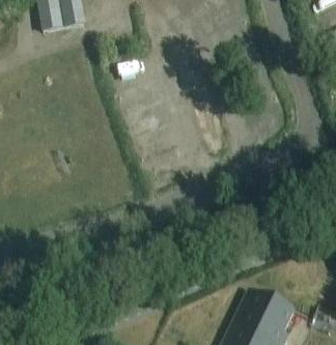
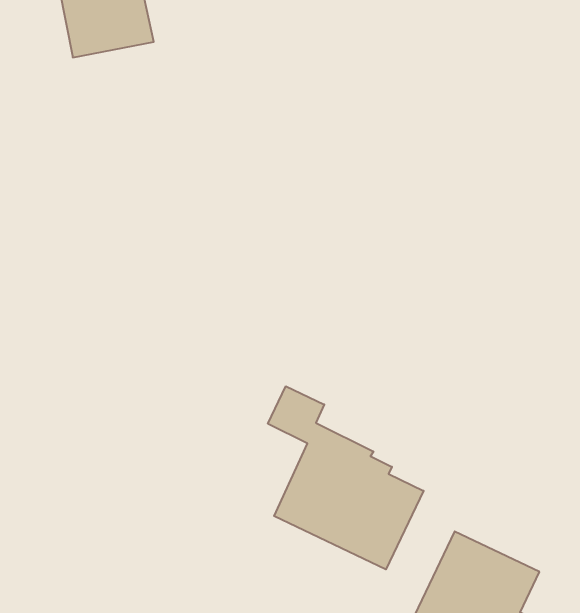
building: none -> [268,386,424,569]

